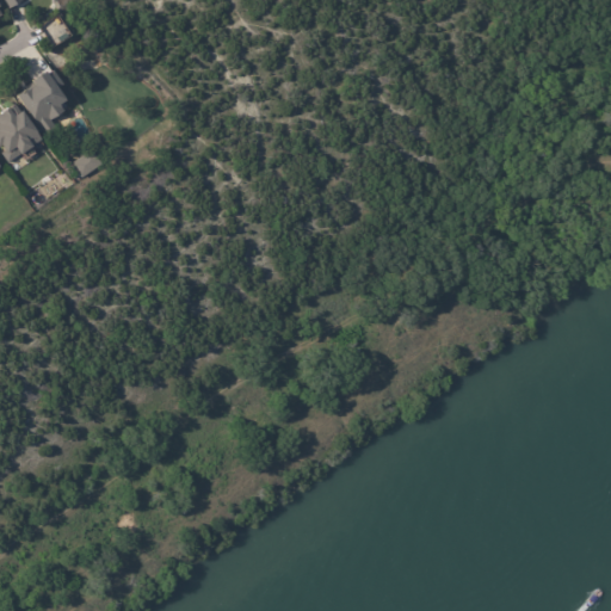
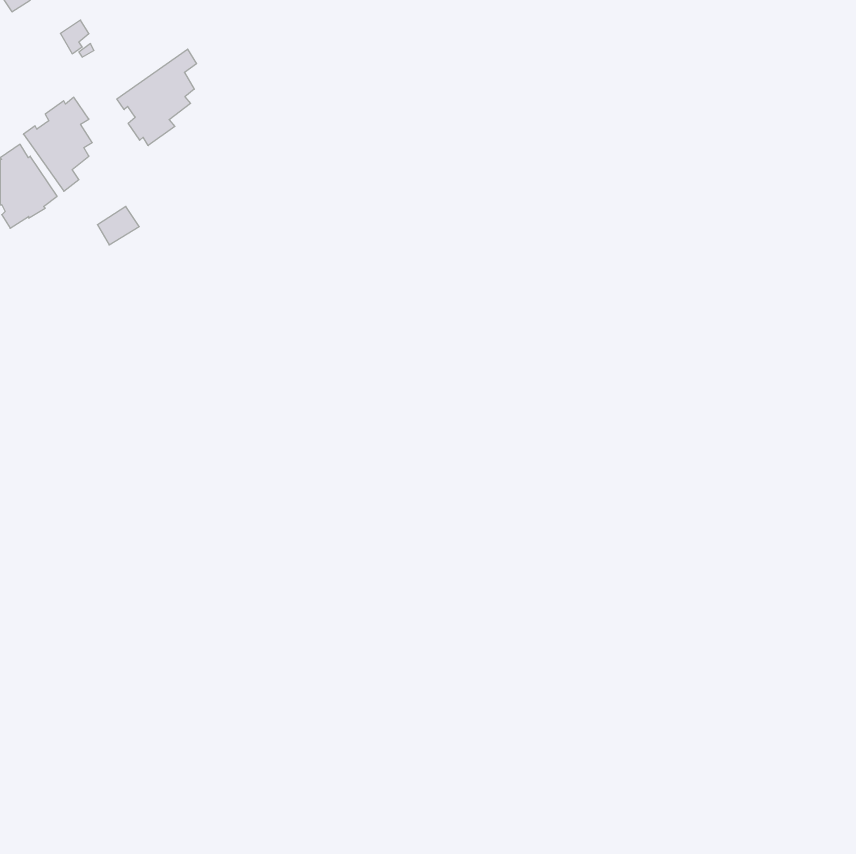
building: none -> [117,49,197,146]

